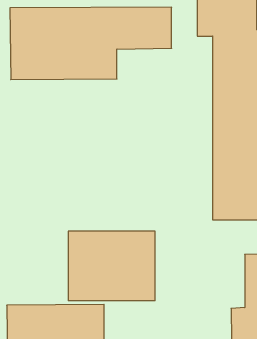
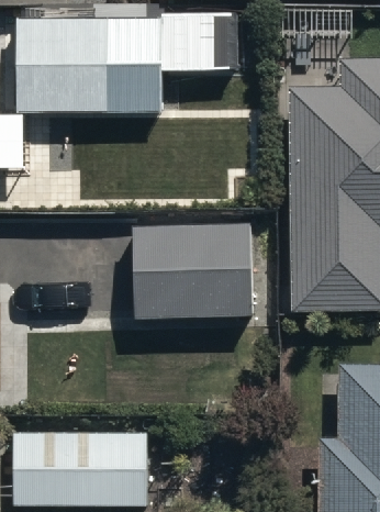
building: [68,231,155,301] -> [132,219,250,313]

